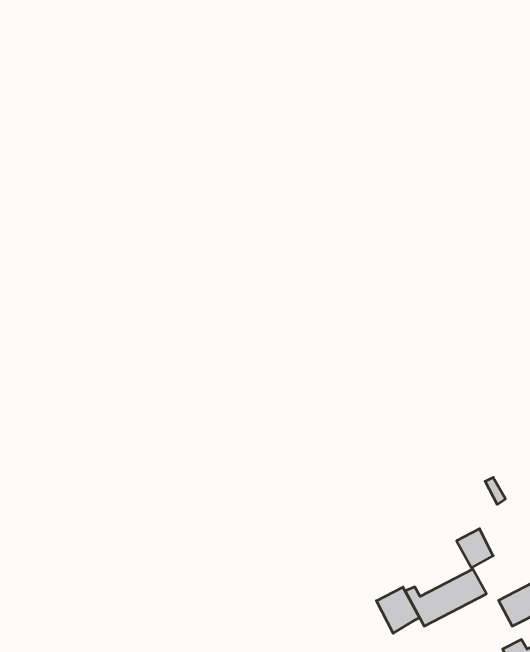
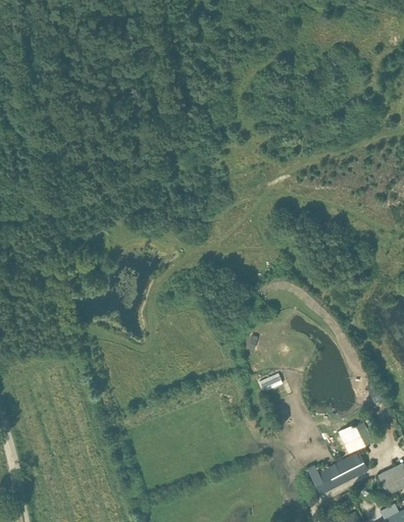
building: [376,587,420,633] -> none

